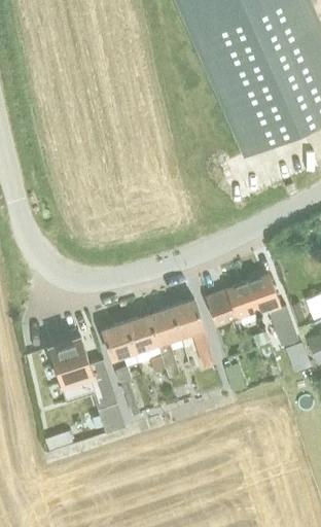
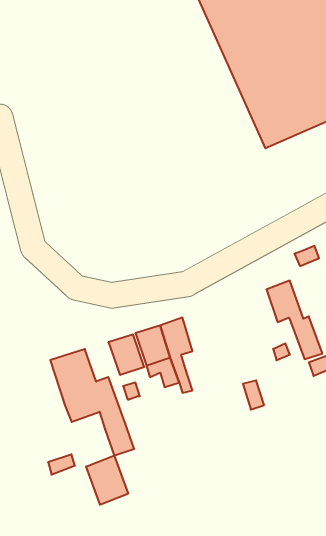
building: [206,281,257,325] -> none
building: [170,300,214,364] -> none
building: none -> [86,455,128,505]

